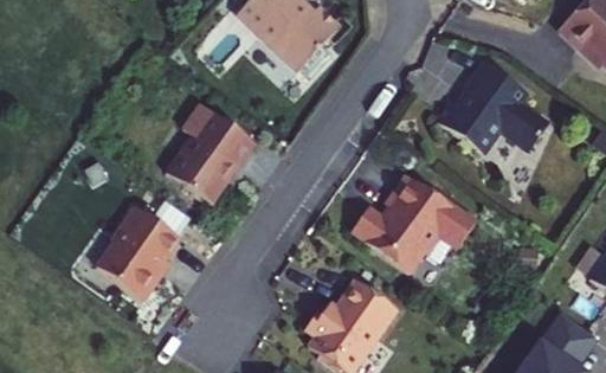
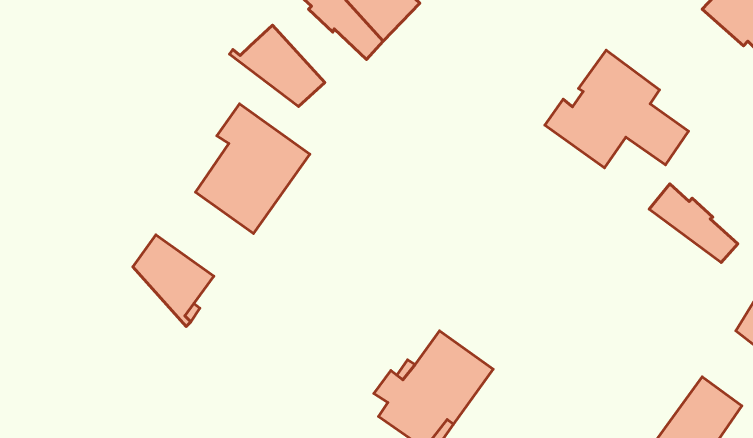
building: none -> [229,25,325,107]
building: none -> [649,184,738,263]
building: [352,175,476,274] -> none
building: [97,230,159,298] -> none

